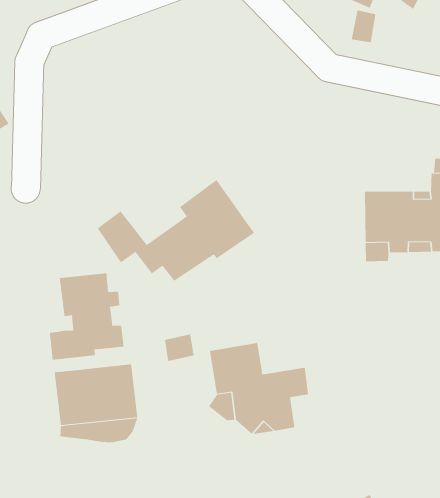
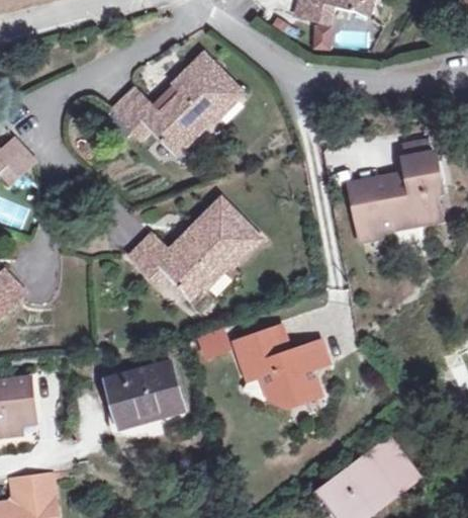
building: none -> [106,59,240,144]
building: [49,272,124,361] -> none

